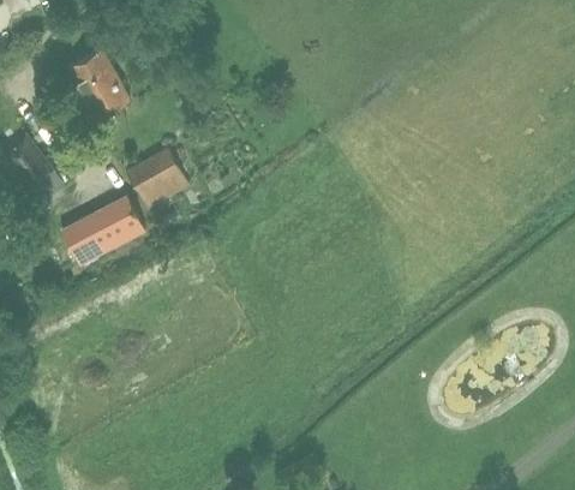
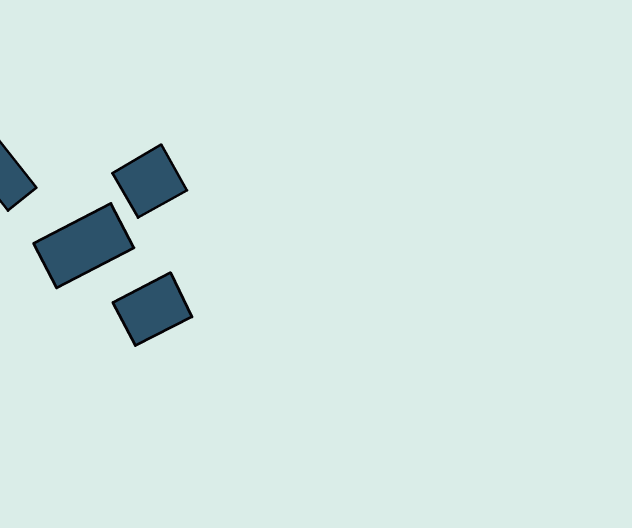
building: [66,48,128,118] -> none
building: none -> [113,273,192,346]

